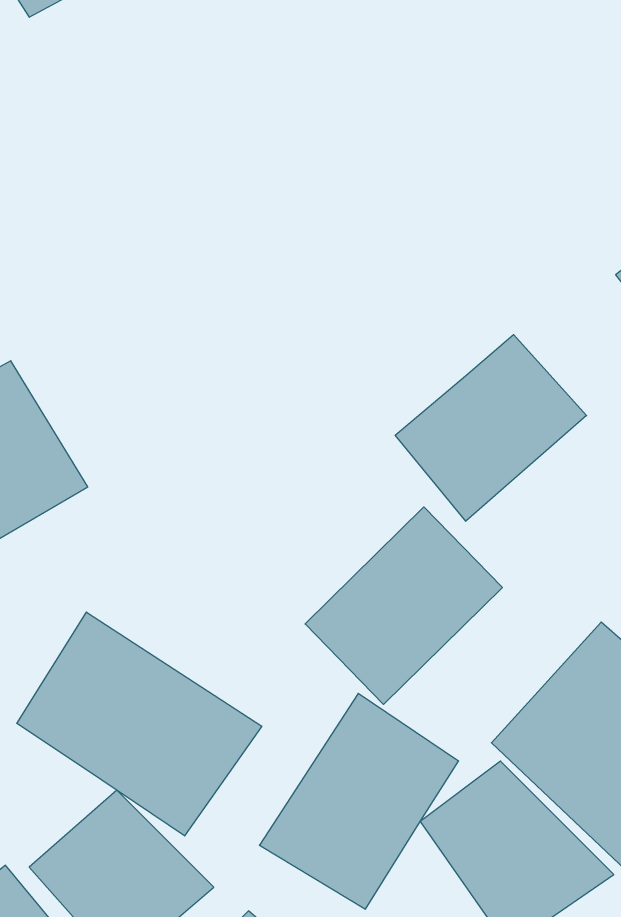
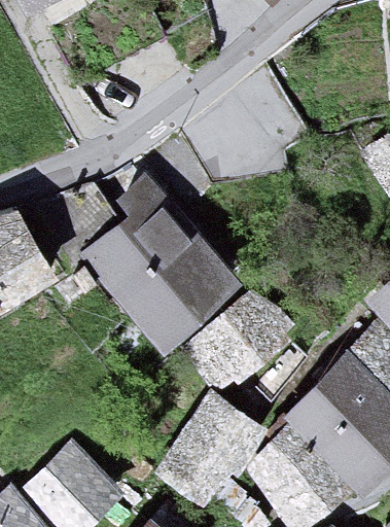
building: none -> [80,184,240,345]
building: [395,335,587,521] -> none
building: [17,612,262,836] -> none

